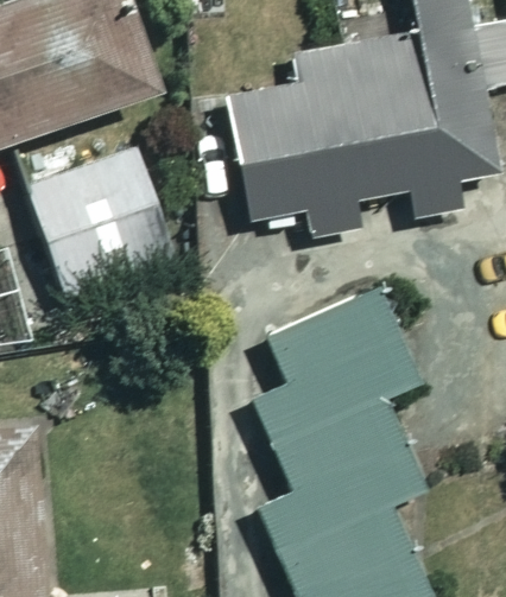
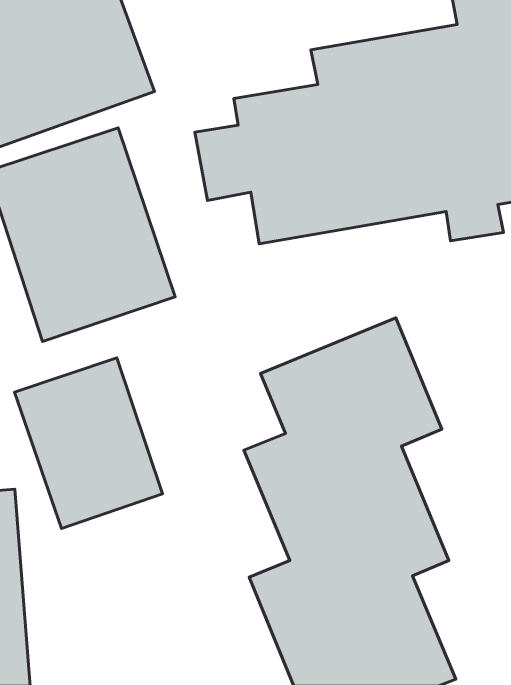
building: none -> [14,358,163,529]

